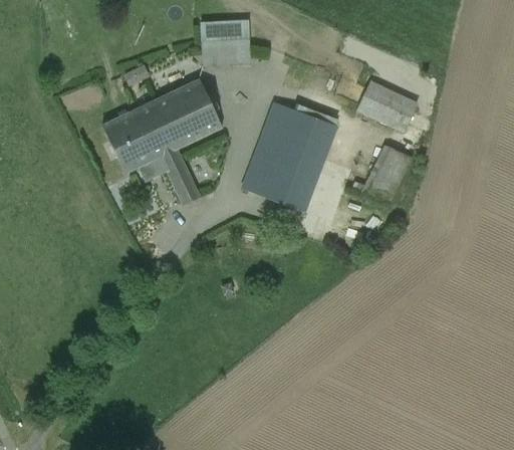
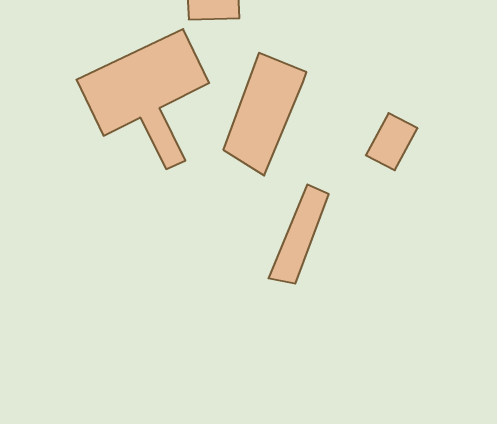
building: [357,82,417,130] -> none
building: [277,124,333,216] -> [268,184,329,284]

